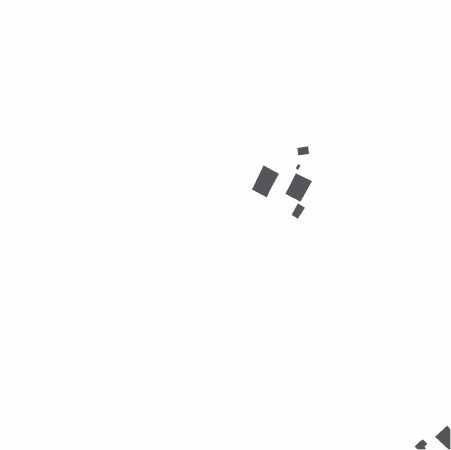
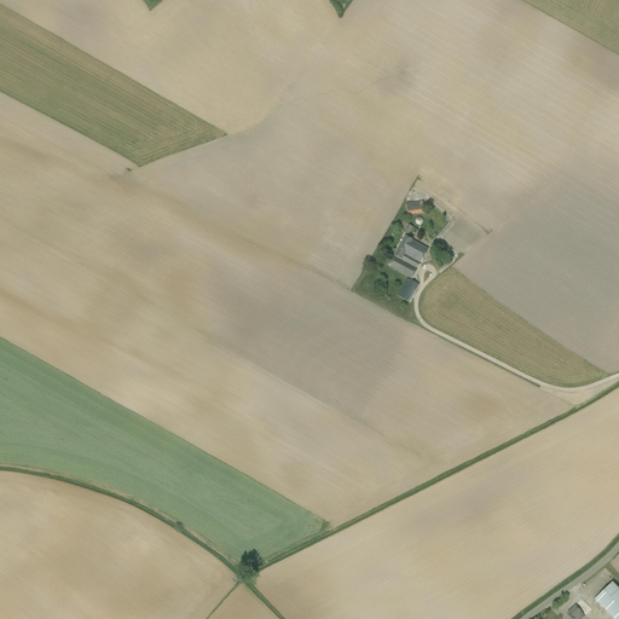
building: [251,164,280,198] -> none

